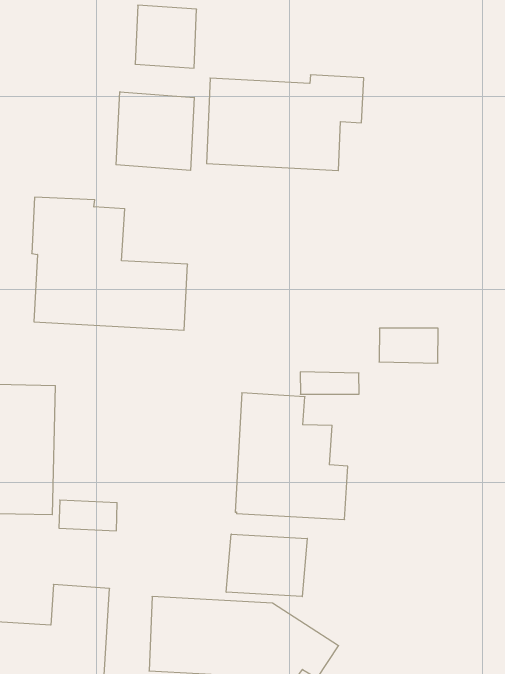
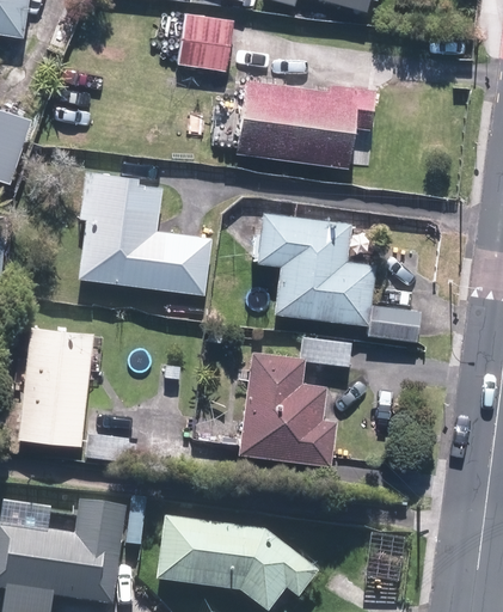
building: [116,92,194,170] -> none
building: none -> [254,212,376,324]
building: [226,534,307,597] -> none

